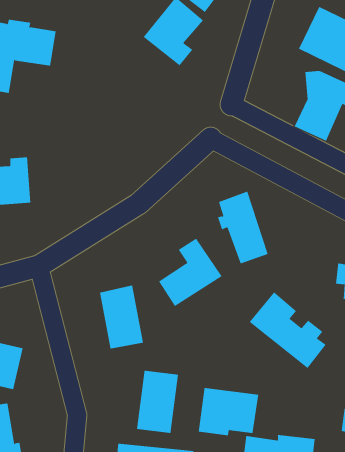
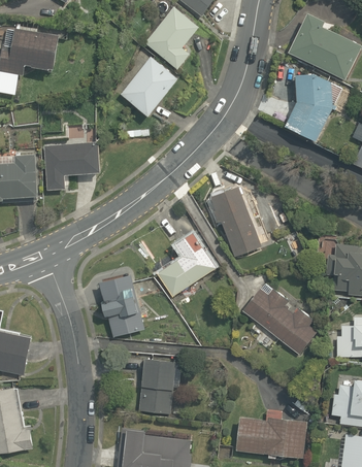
building: none -> [120,56,179,116]
building: none -> [41,142,98,190]
building: [198,387,259,436] -> none

